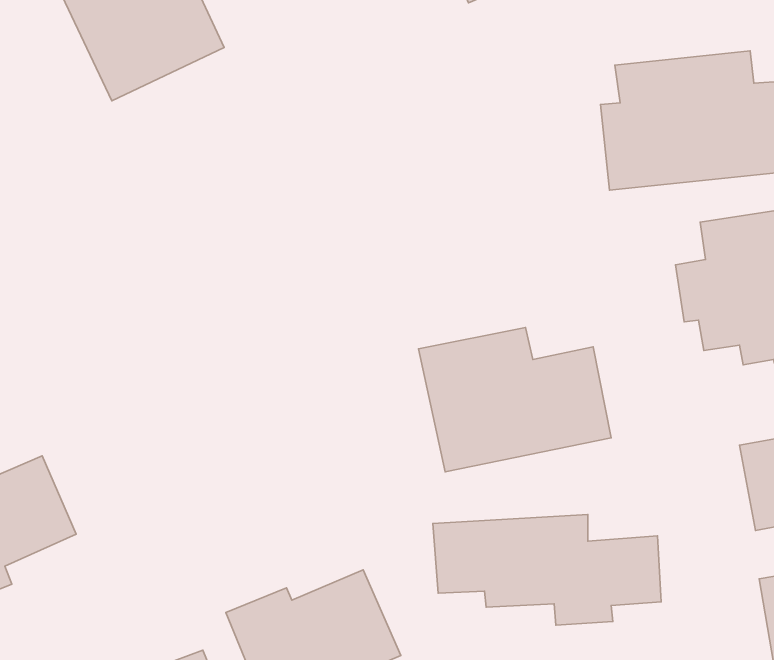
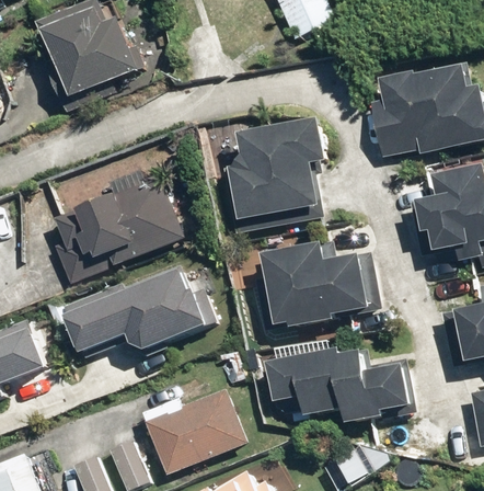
building: none -> [224,119,325,221]
building: none -> [53,171,184,261]
building: none -> [65,260,216,352]

